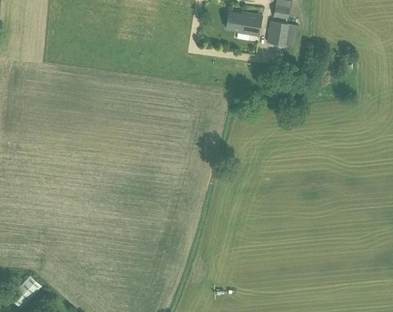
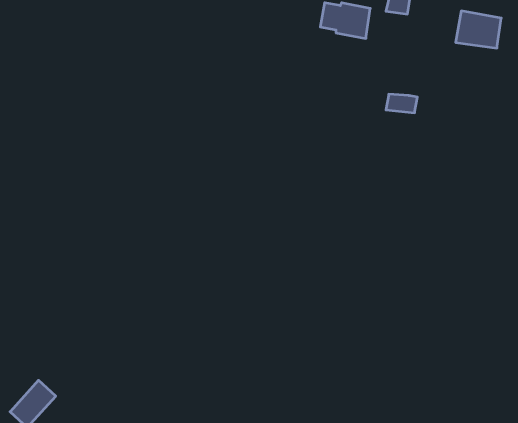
building: [265,20,297,46] -> [456,11,501,48]

